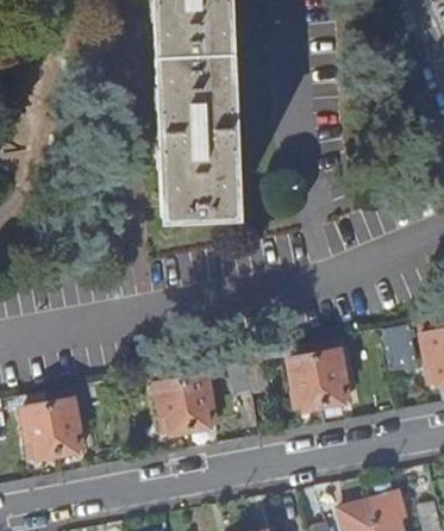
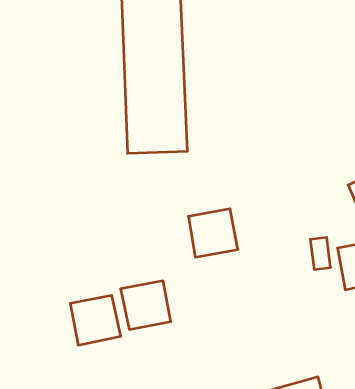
building: [289,350,350,410] -> [188,209,238,257]
building: [23,399,85,460] -> [70,296,121,345]

